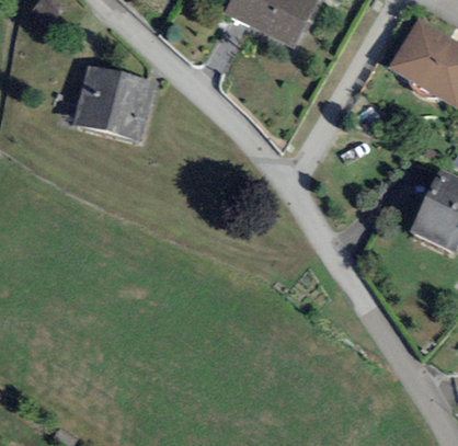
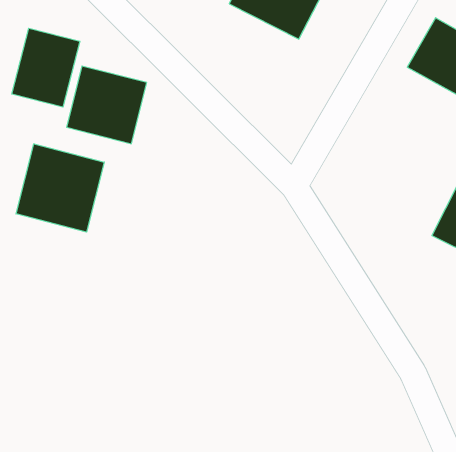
building: none -> [12,28,80,107]
building: none -> [16,144,104,232]

